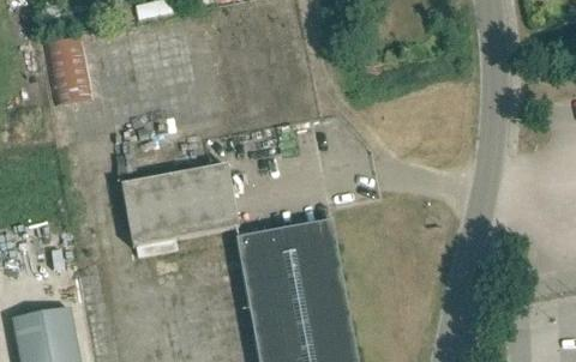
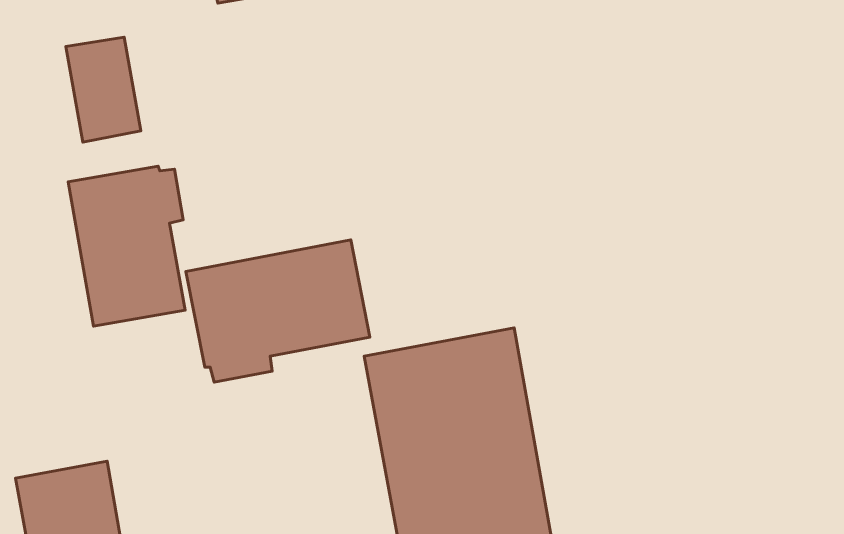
building: none -> [68,166,185,326]

